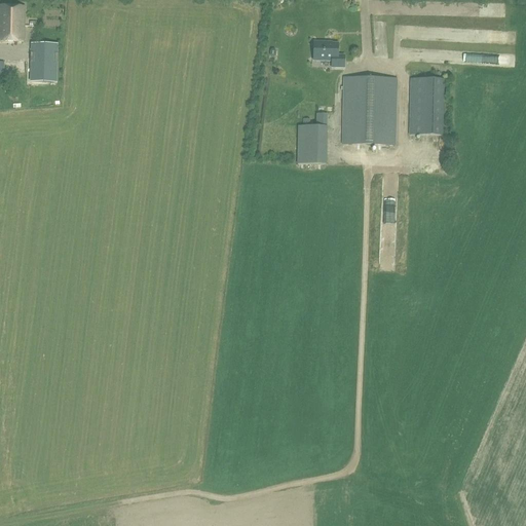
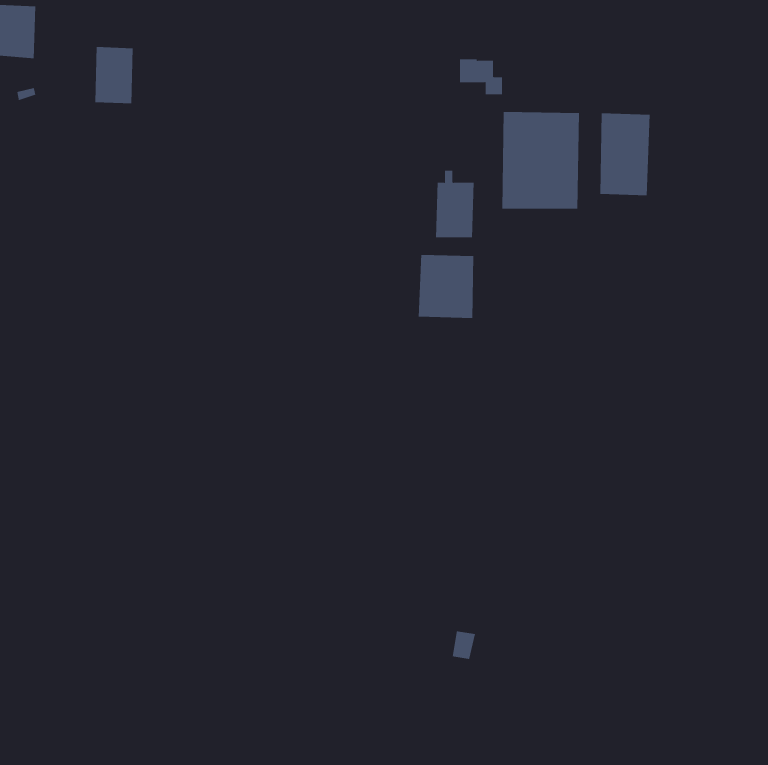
building: [29,41,55,80] -> [94,47,134,104]
building: none -> [418,254,474,319]

